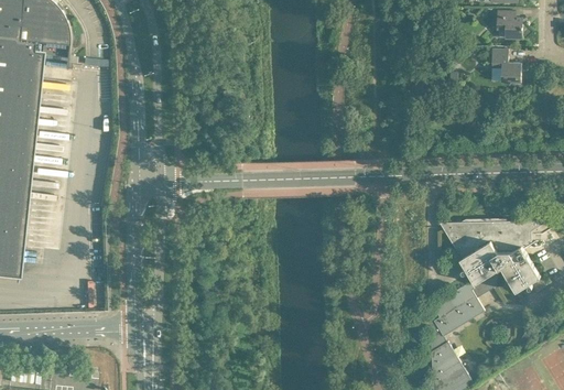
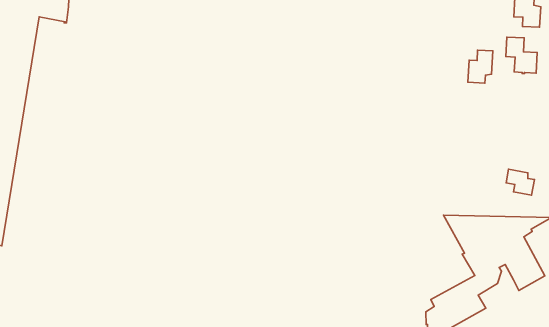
building: none -> [468,50,493,83]
building: none -> [506,169,534,195]

